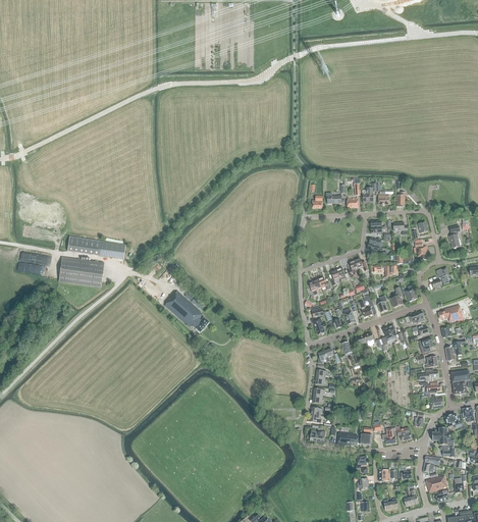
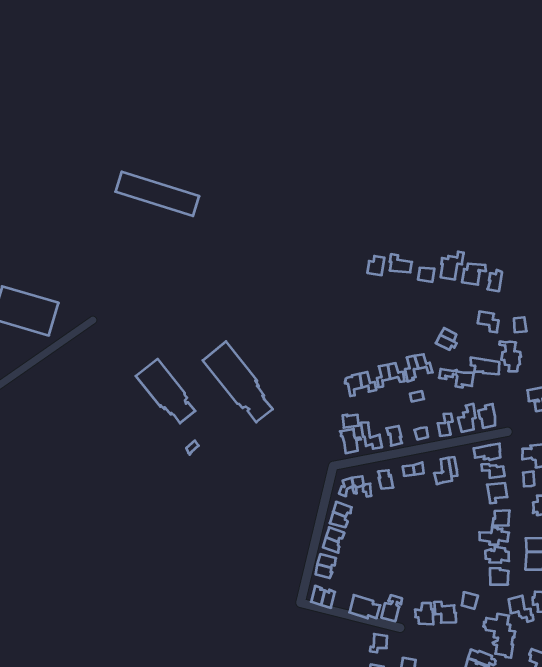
building: [67,236,125,258] -> [115,172,199,216]
building: none -> [203,341,273,422]

